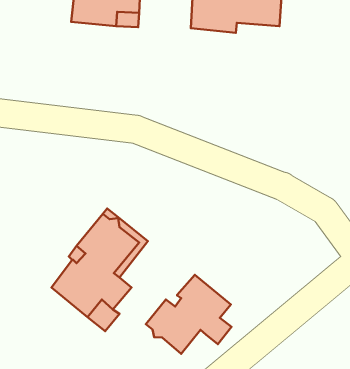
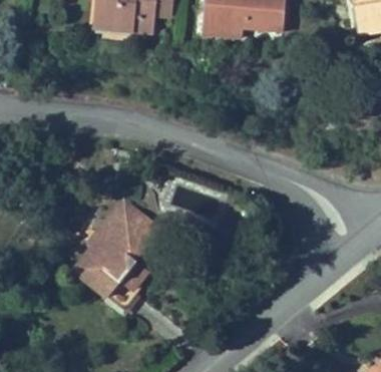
building: [146,275,231,354] -> none

